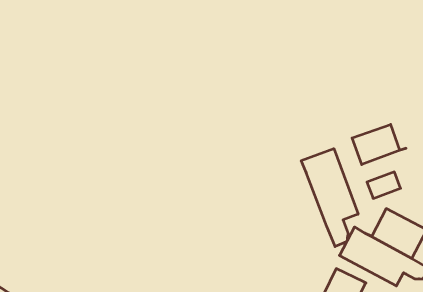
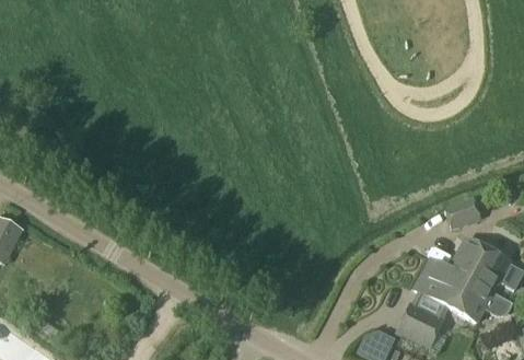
building: [352,124,406,165] -> none
building: [301,149,358,247] -> none

